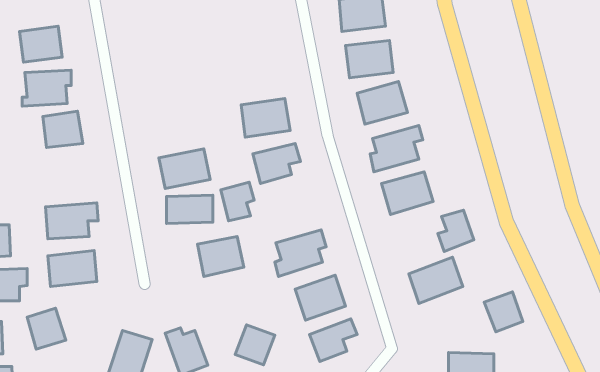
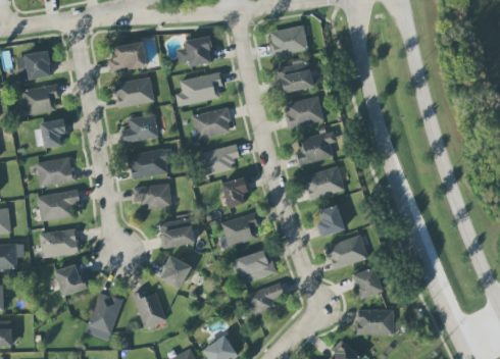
building: none -> [177,35,214,66]
building: none -> [108,41,148,73]
building: none -> [176,72,222,105]
building: none -> [113,76,154,108]
building: none -> [122,114,158,142]
building: none -> [37,157,74,187]
building: [221,182,254,221] -> [221,176,248,207]
building: [438,210,474,251] -> [316,205,345,238]
building: [484,292,523,332] -> [352,267,383,299]
building: [27,308,66,349] -> [55,263,86,296]
building: [235,325,275,365] -> [159,256,191,288]

